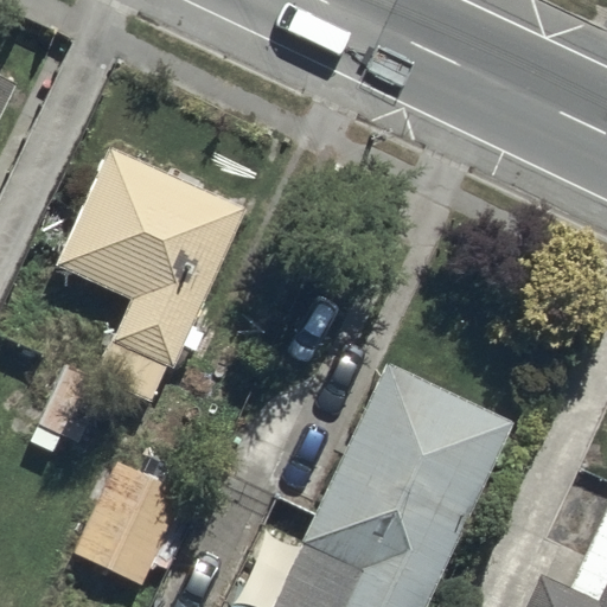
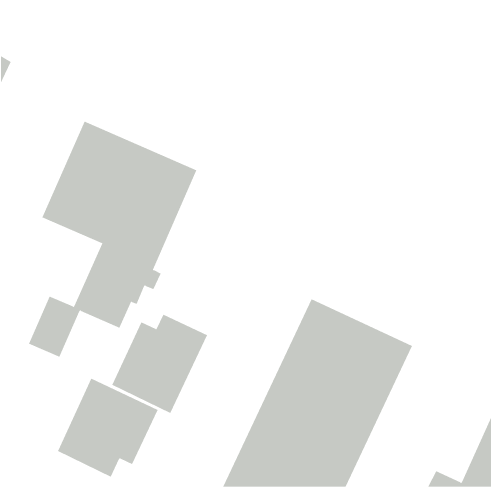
building: none -> [112,314,208,414]

